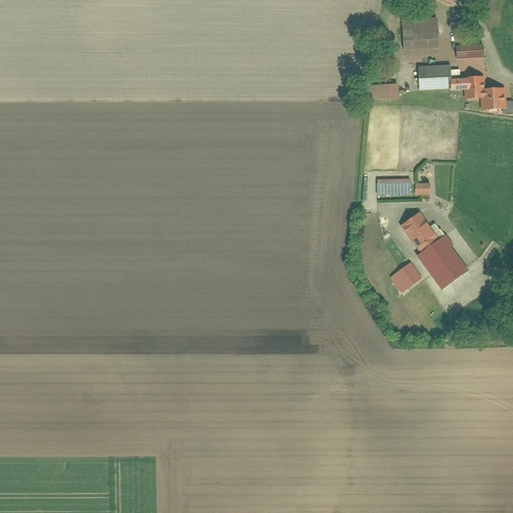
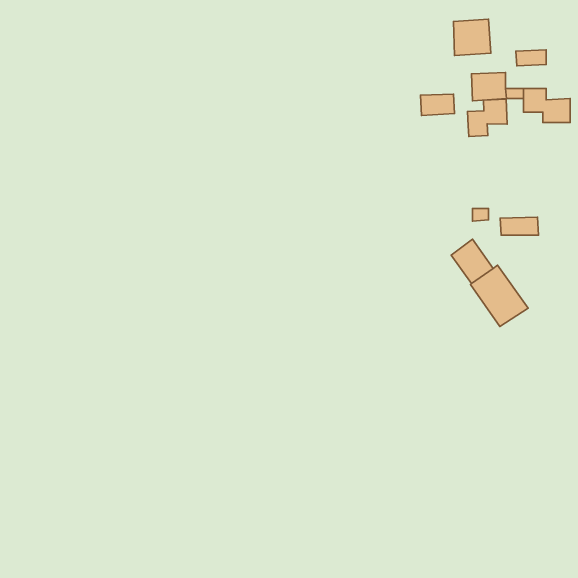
building: none -> [468,99,507,136]
building: [381,179,415,195] -> [500,217,539,235]
building: [391,264,422,294] -> none

